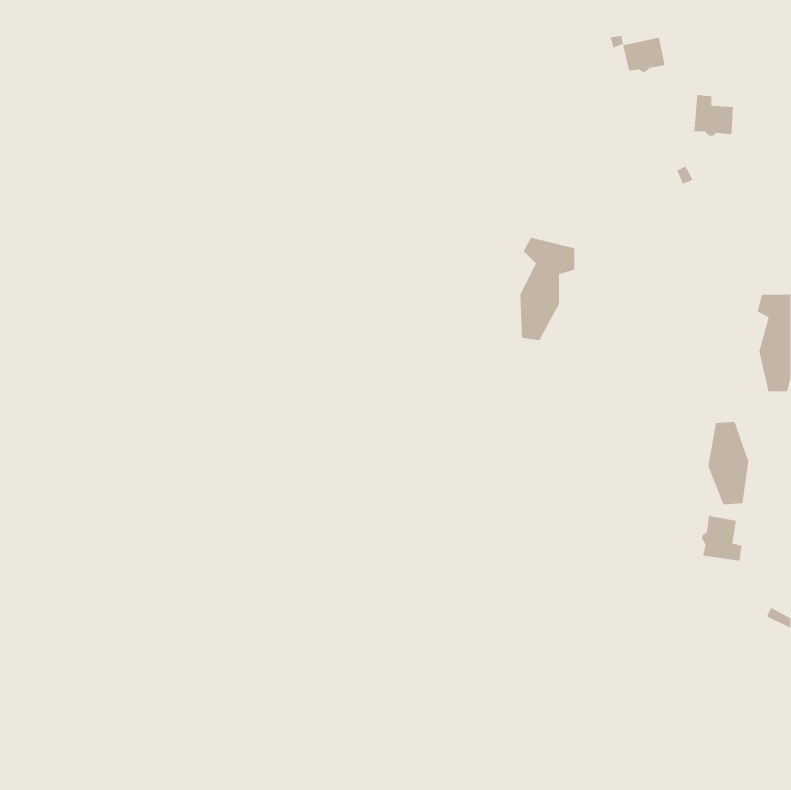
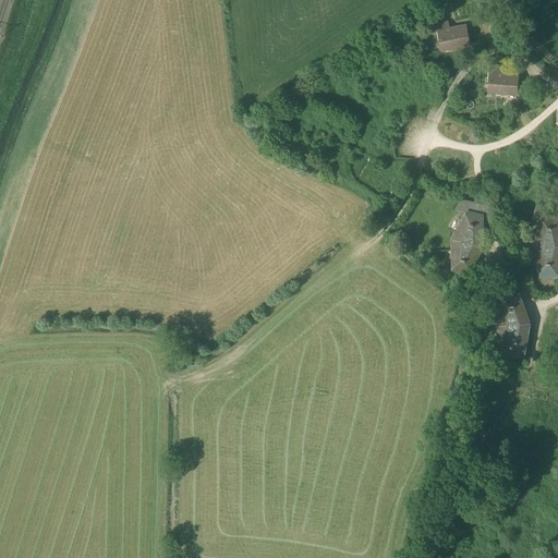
building: [520,237,575,341] -> [453,202,493,275]
building: [702,515,742,562] -> none

